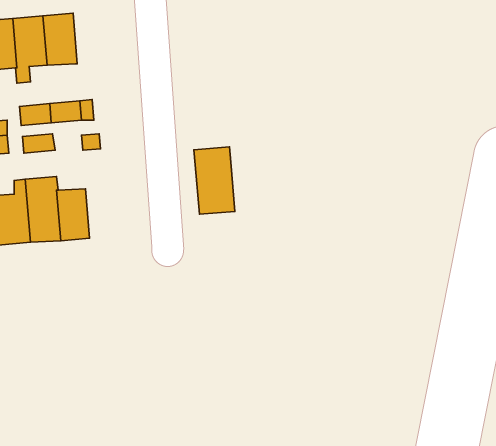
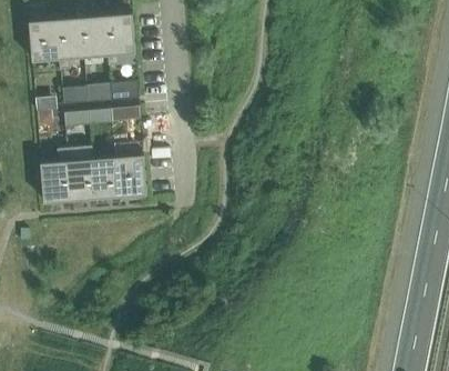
building: none -> [104,11,134,66]
building: [194,147,235,214] -> [113,141,146,195]

